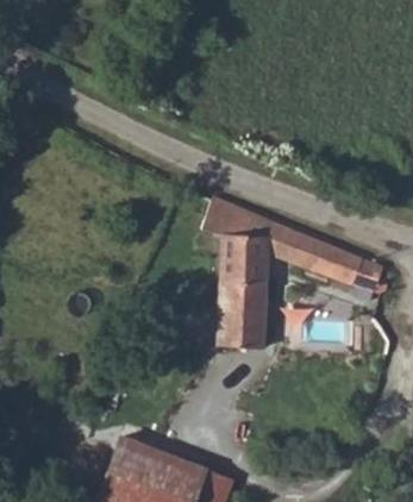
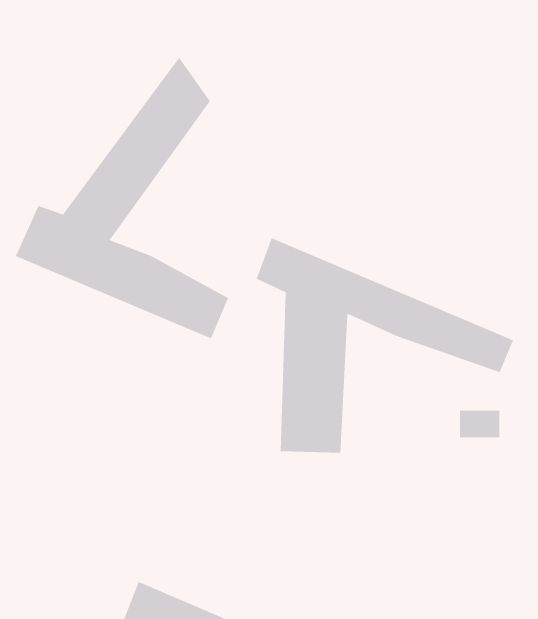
building: none -> [15,57,229,339]

